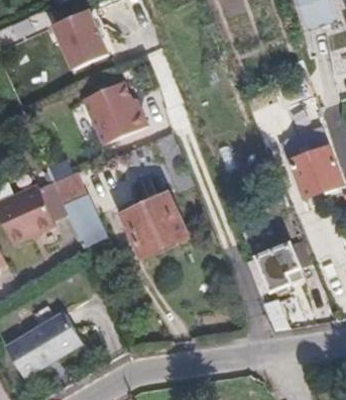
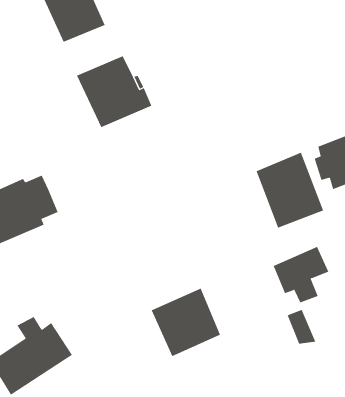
building: none -> [256,152,324,229]
building: [59,169,108,244] -> none
building: [123,194,184,254] -> [151,288,221,357]

